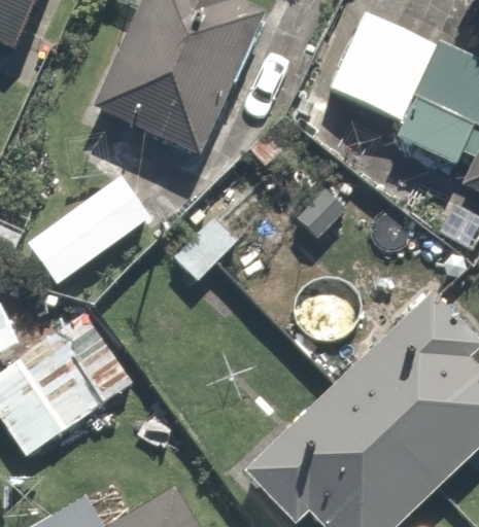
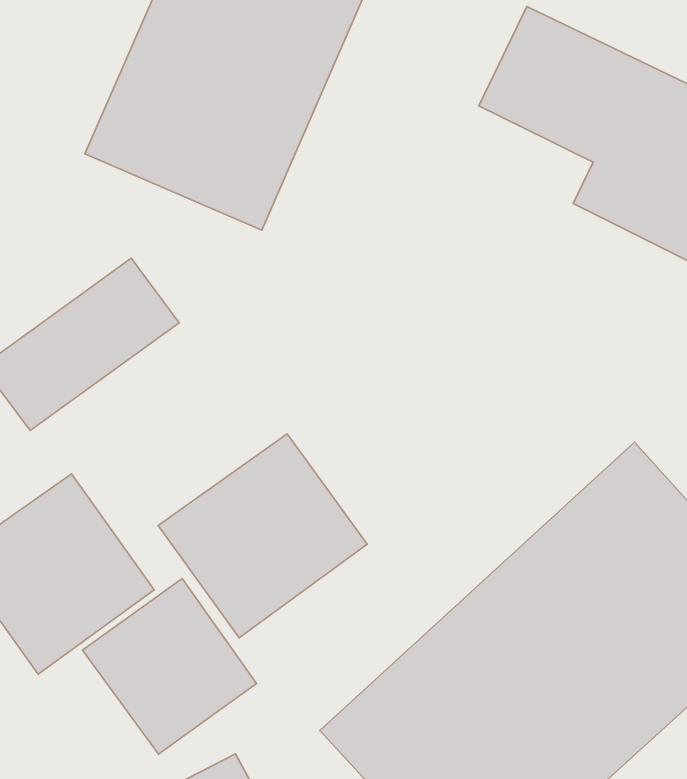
building: none -> [158,434,367,638]
building: none -> [82,579,256,754]

